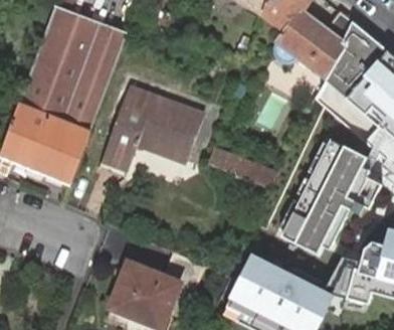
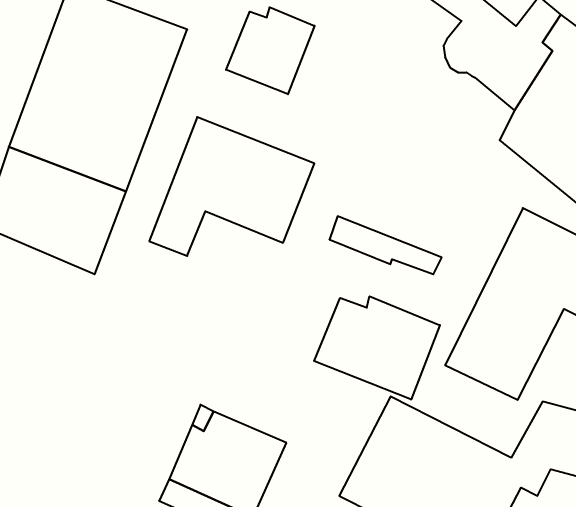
building: none -> [226,7,315,94]
building: none -> [314,296,440,400]

